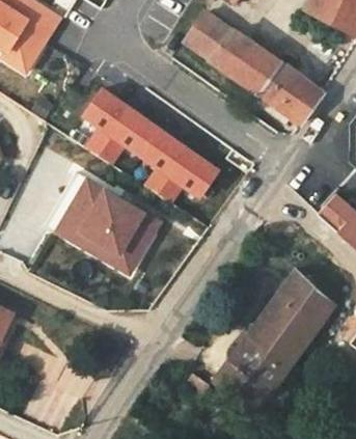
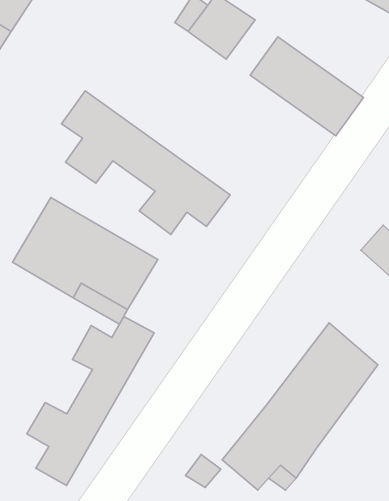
building: [214,33,254,77] -> none
building: none -> [27,316,154,486]

